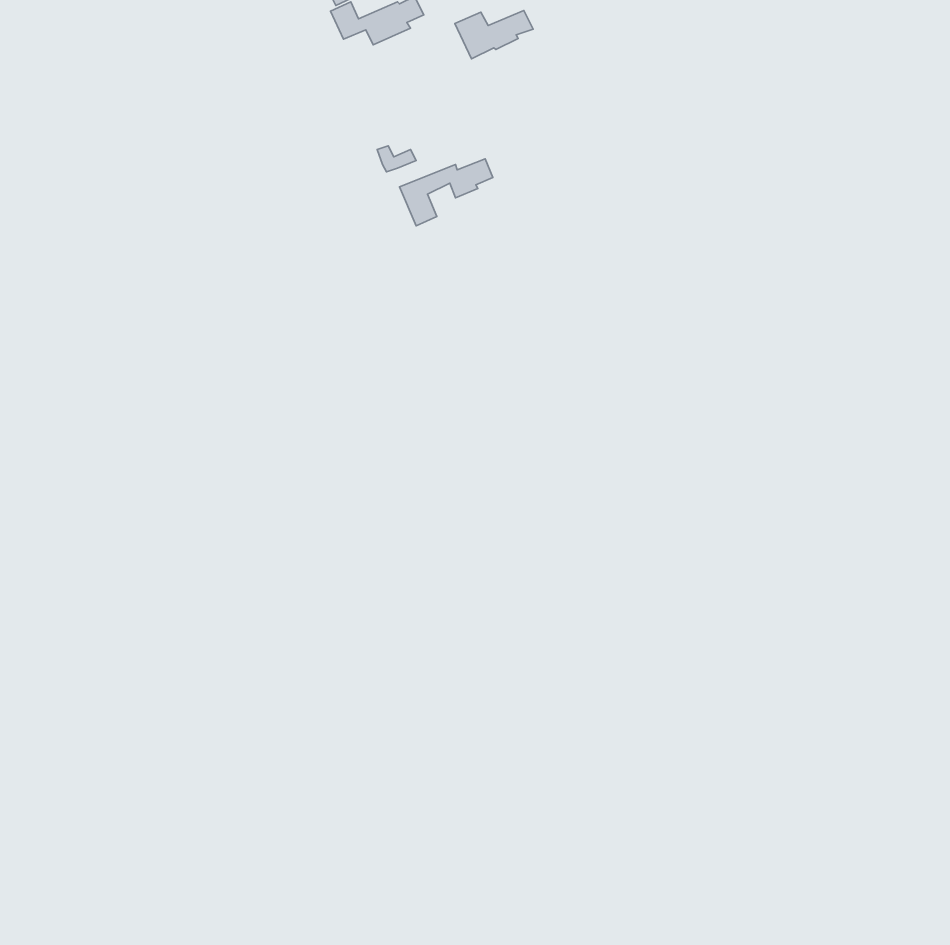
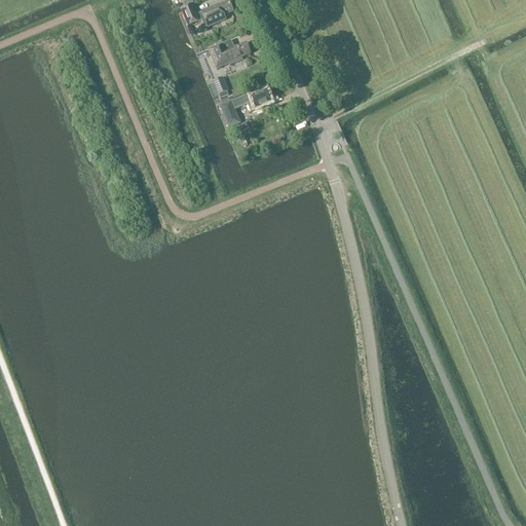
building: [455,10,533,59] -> [210,40,253,67]

